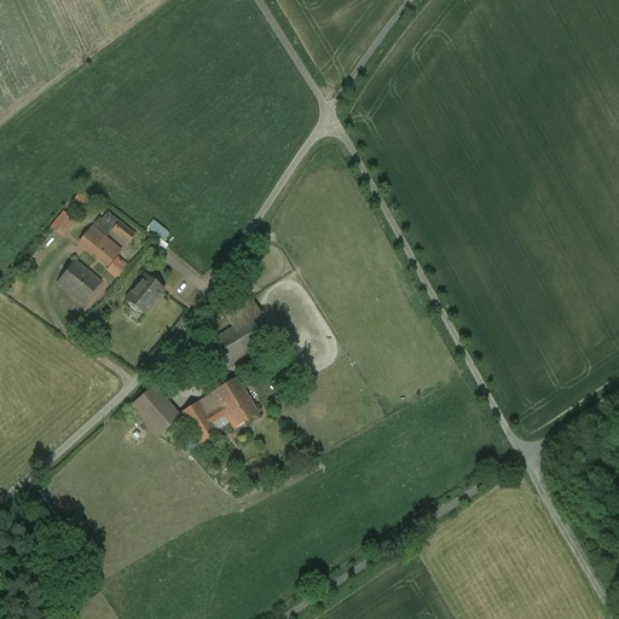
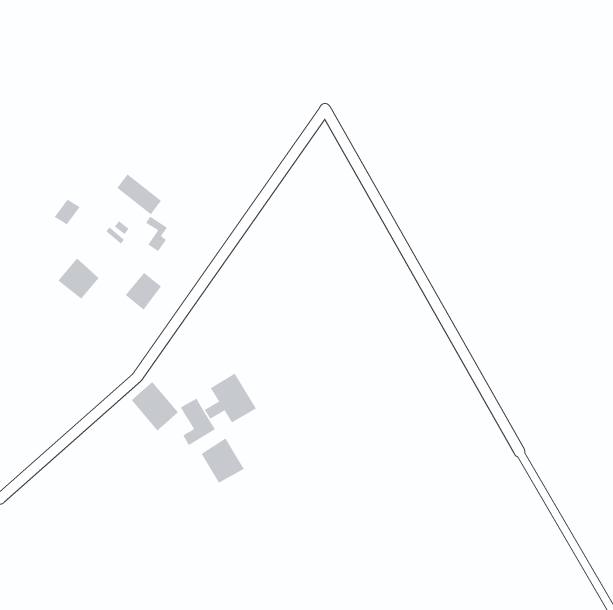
building: [82,228,128,271] -> [116,173,162,215]
building: [212,284,266,364] -> none
building: none -> [201,437,244,483]

